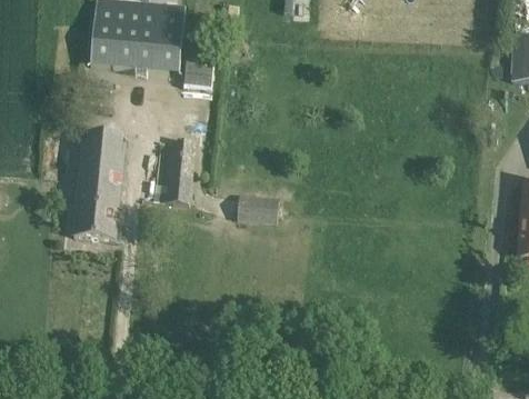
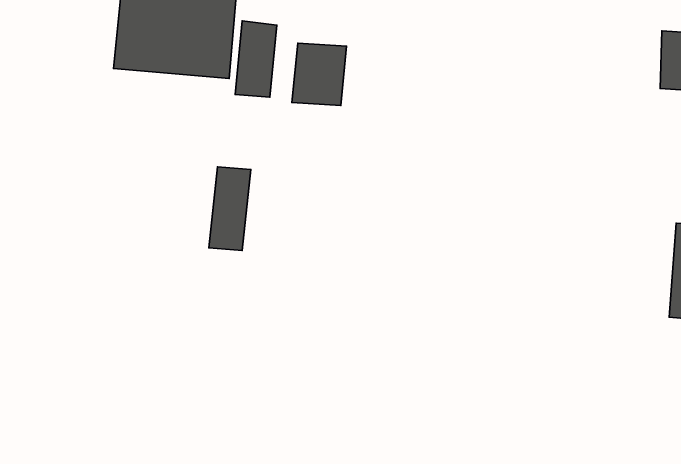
building: none -> [292,43,347,105]
building: [72,132,123,239] -> none
building: [236,193,278,223] -> none

